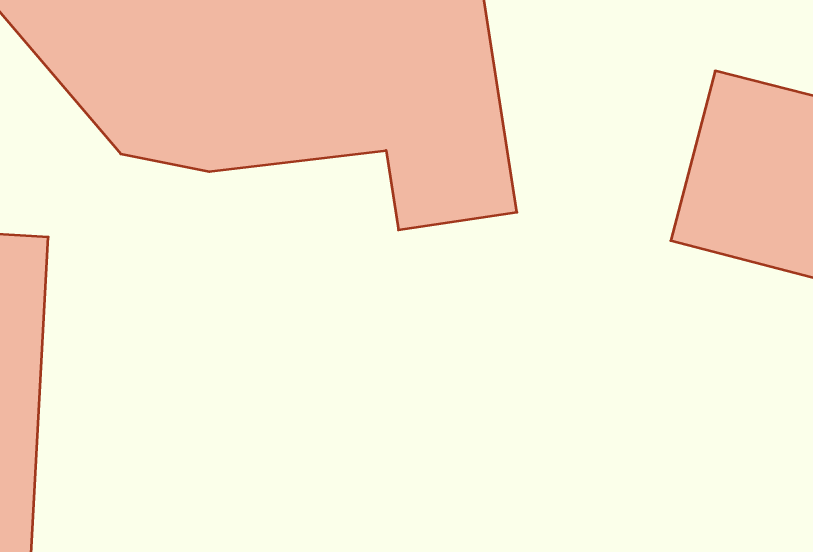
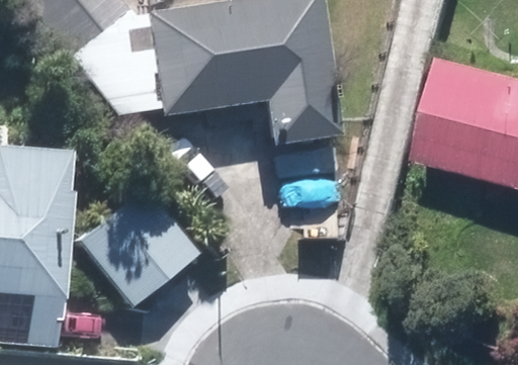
building: none -> [75,185,197,308]

